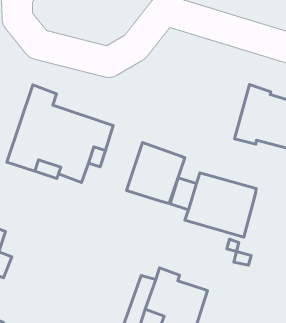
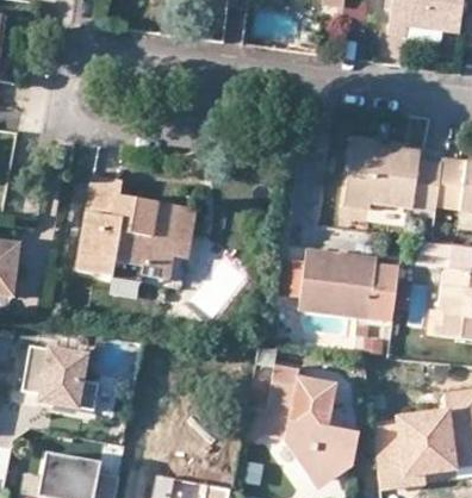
building: [126,142,185,204] -> none
building: none -> [369,263,400,320]

